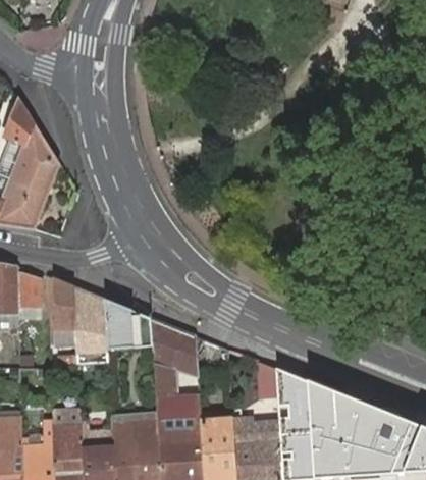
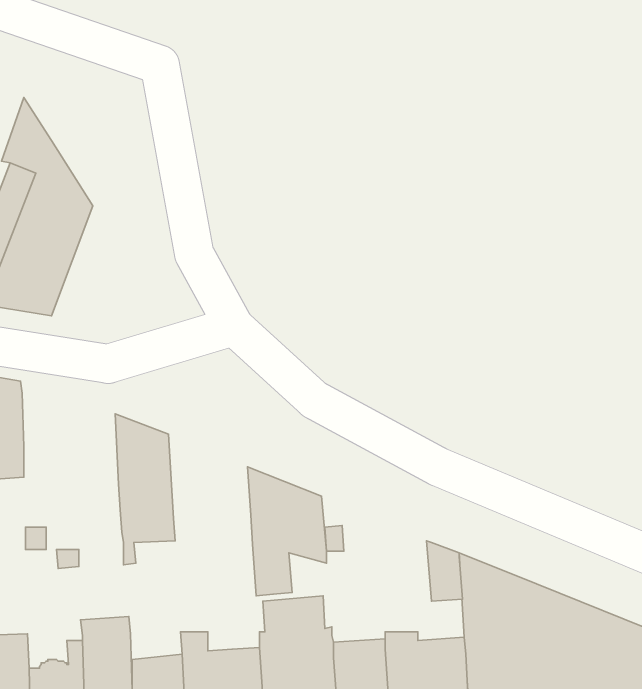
building: [16,274,42,318] -> none
building: [48,276,74,345] -> none
building: [103,299,152,349] -> none

